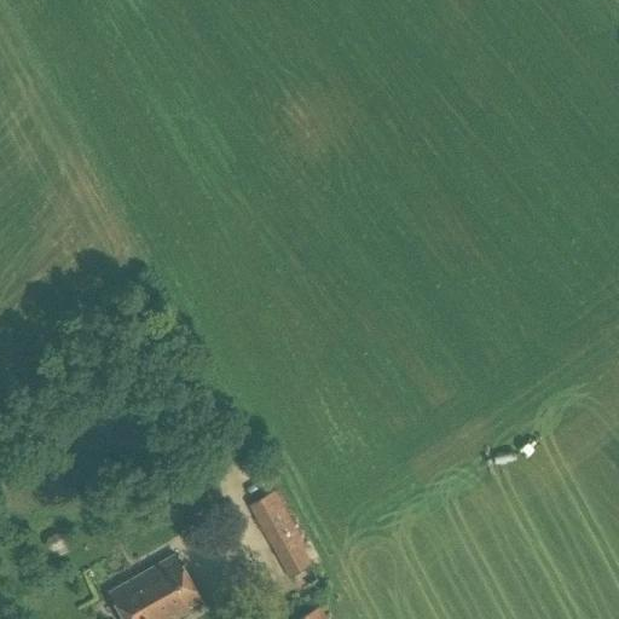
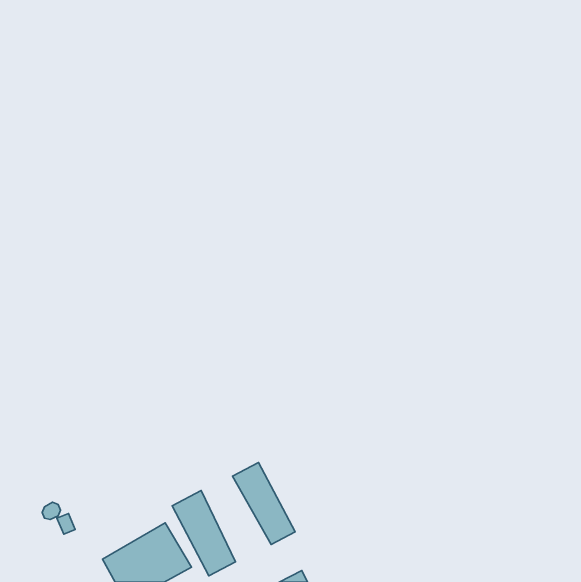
building: none -> [172,491,235,576]

